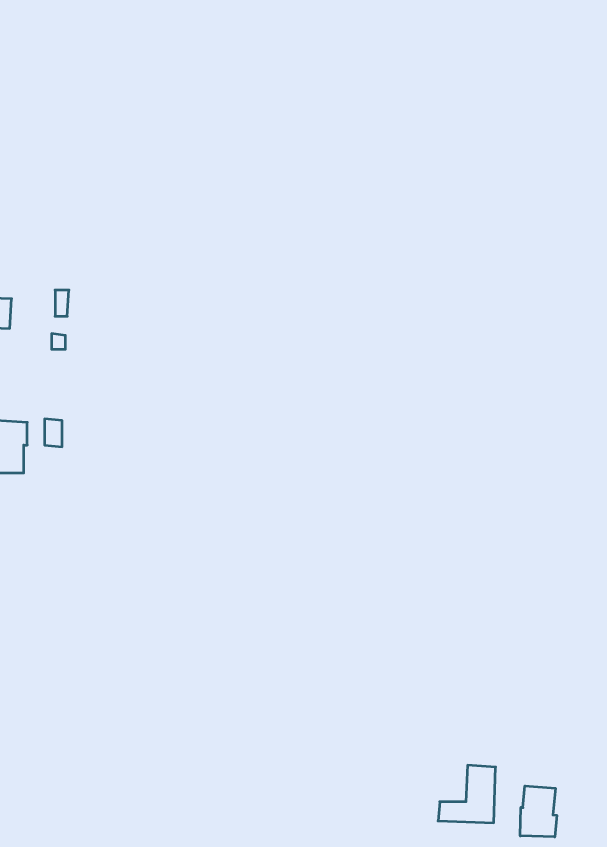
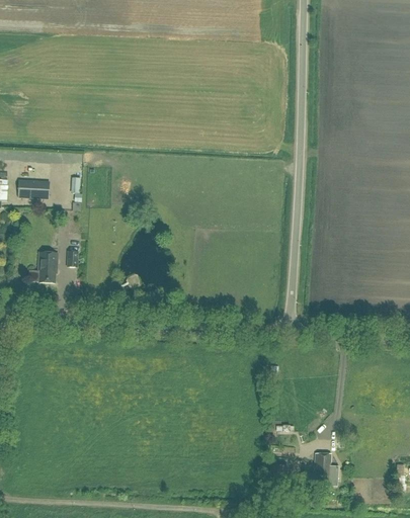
building: [520,786,557,837] -> none

